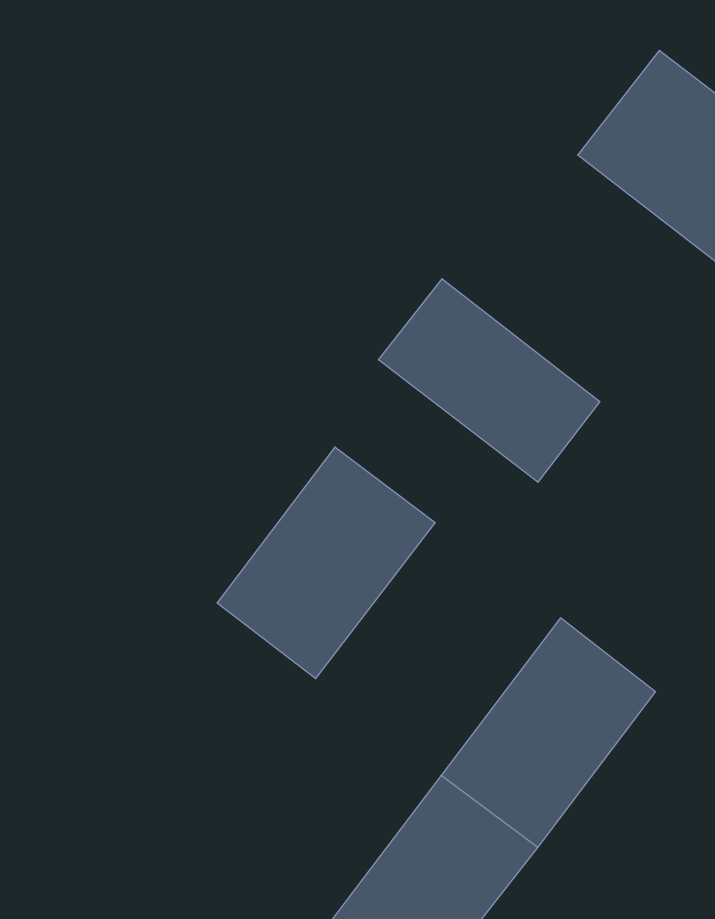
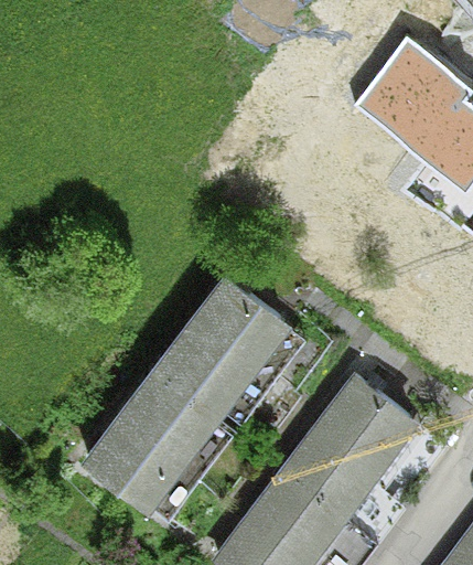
building: [378,279,600,482] -> none
building: none -> [85,367,212,502]

